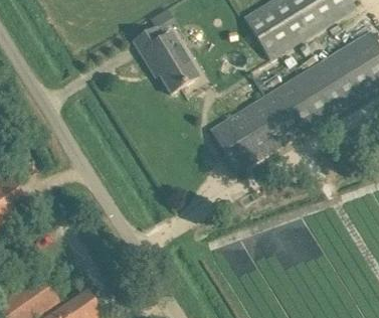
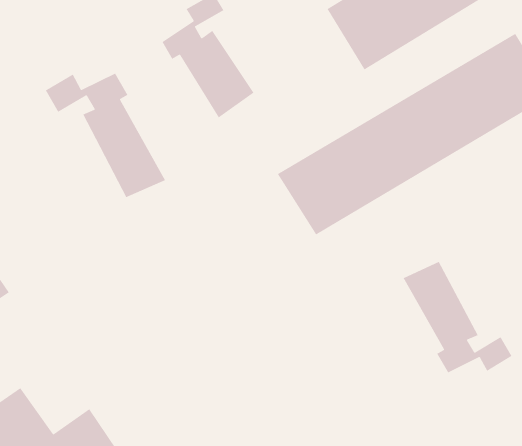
building: none -> [45,73,166,198]
building: none -> [402,261,513,374]

